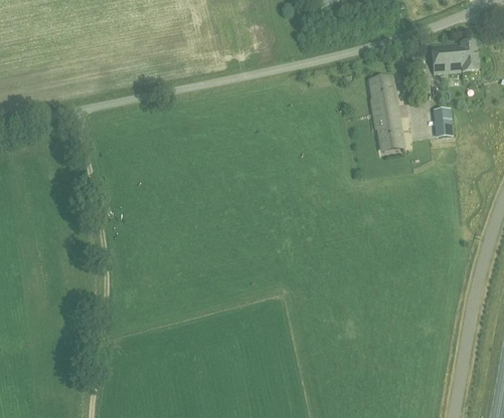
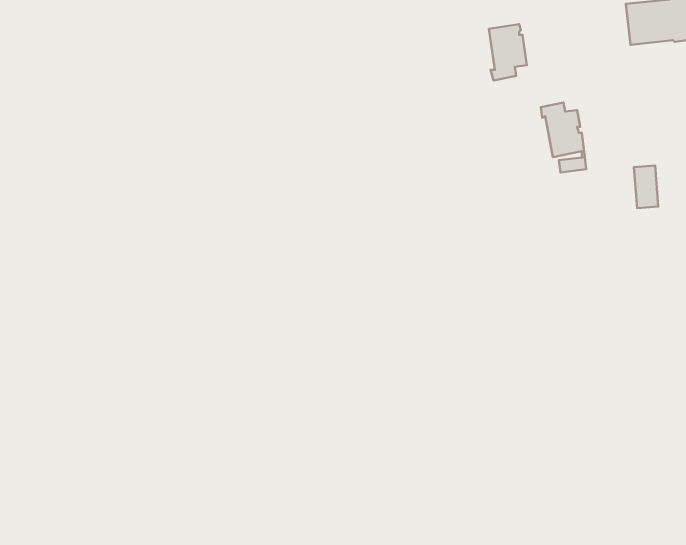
building: [369,75,394,113] -> [489,24,527,80]
building: [435,107,451,135] -> [634,166,658,208]

